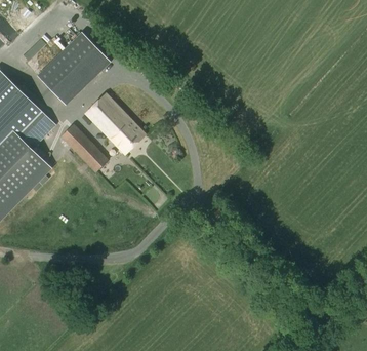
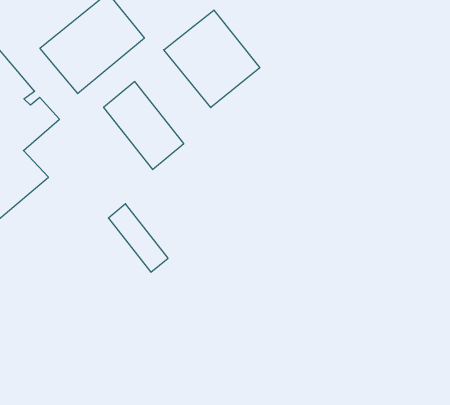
building: none -> [164,10,260,108]
building: [62,124,107,171] -> [108,204,168,272]

